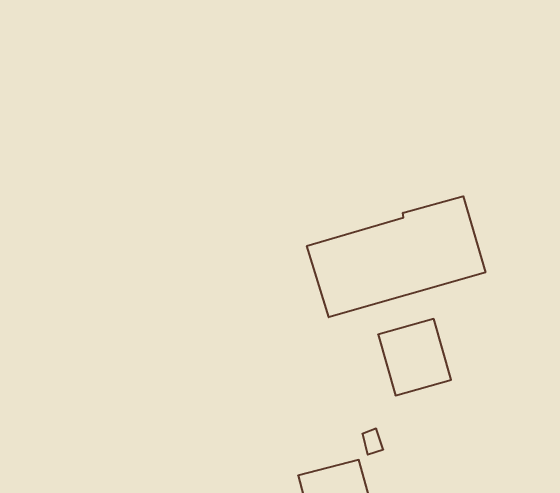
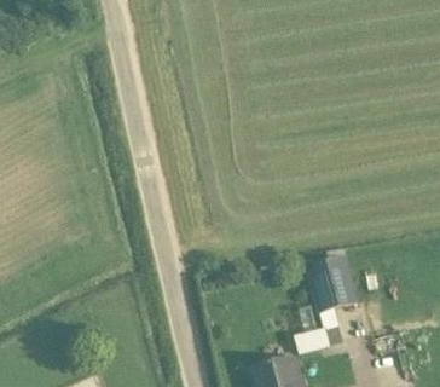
building: [307,196,485,317] -> none

